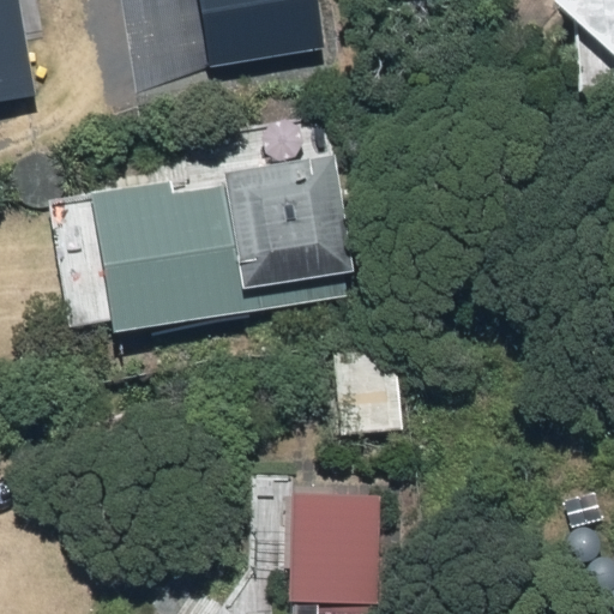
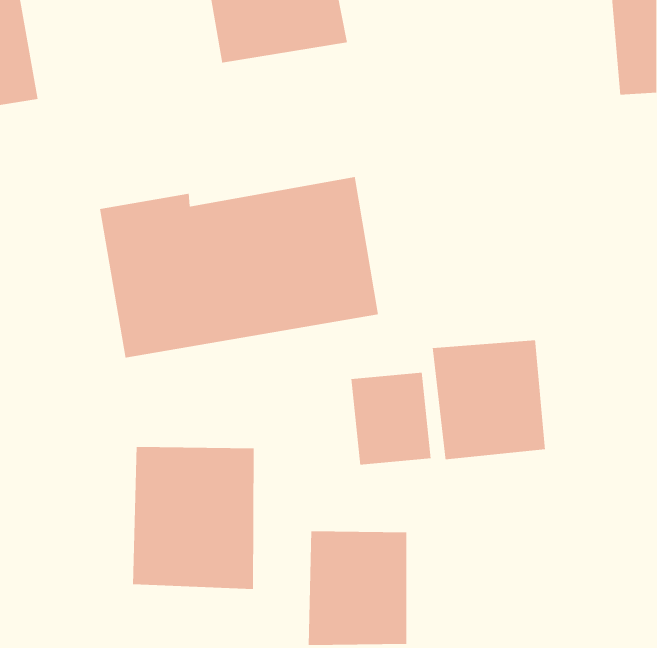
building: none -> [432,339,546,460]
building: none -> [133,446,254,590]

